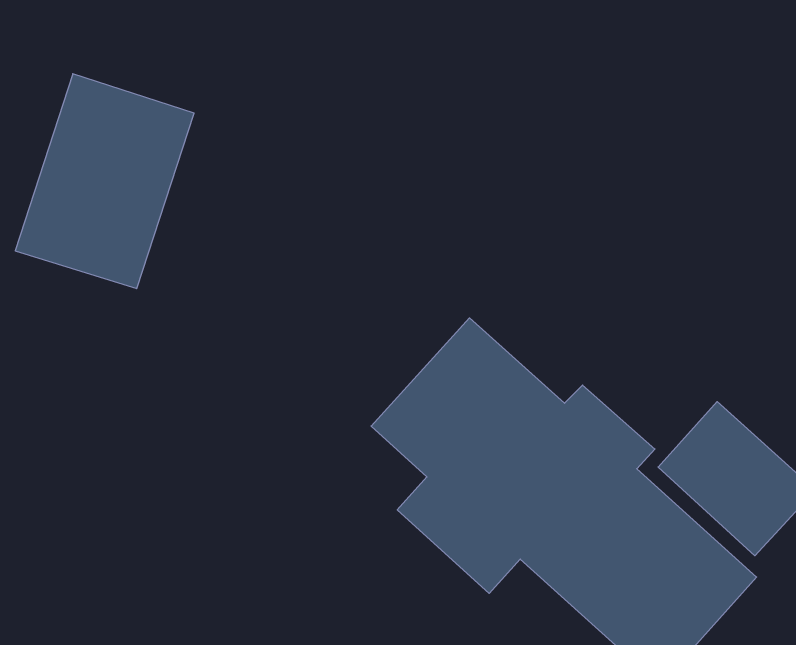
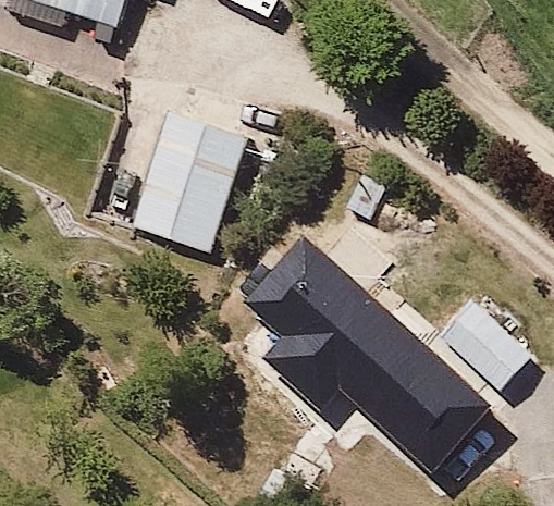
building: [15,74,194,289] -> [128,103,247,246]

